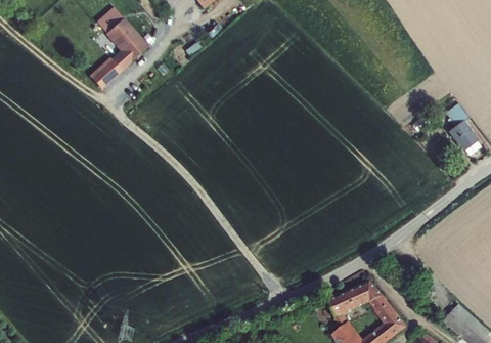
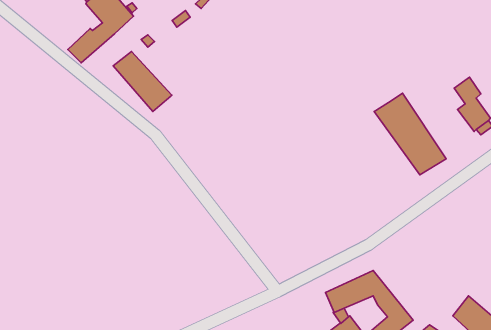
building: none -> [113,52,172,111]
building: none -> [374,93,446,175]

